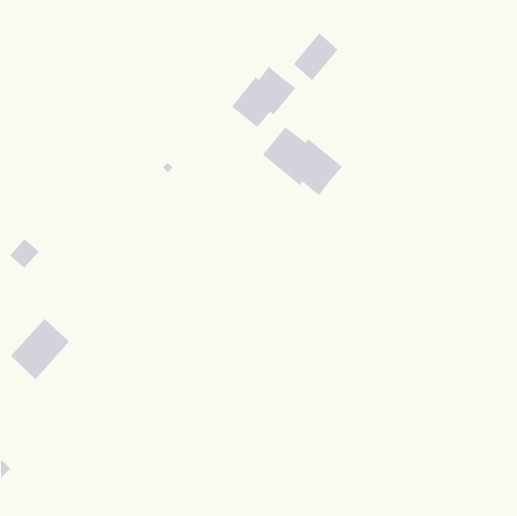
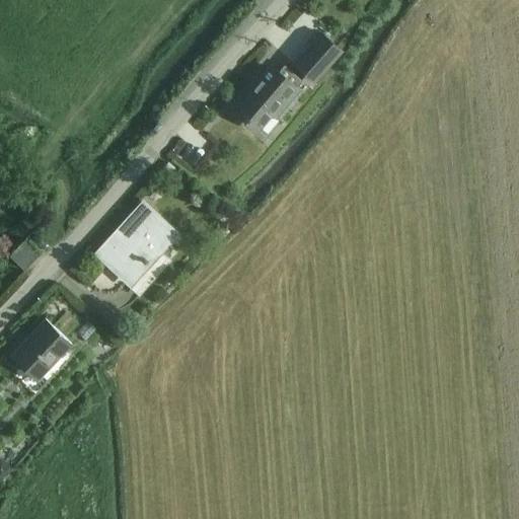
building: [262,126,343,196] -> none
building: none -> [96,205,176,285]

